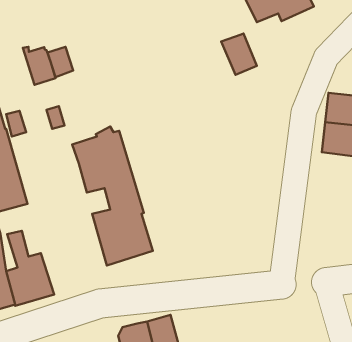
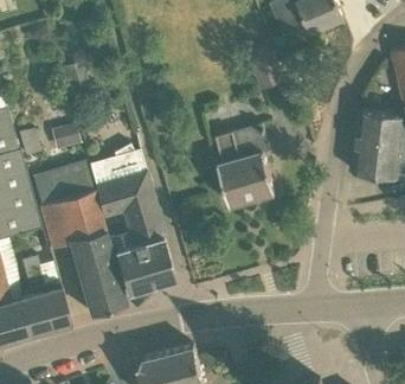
building: [23,47,56,85] -> none
building: none -> [214,123,274,205]
building: none -> [40,161,123,314]

